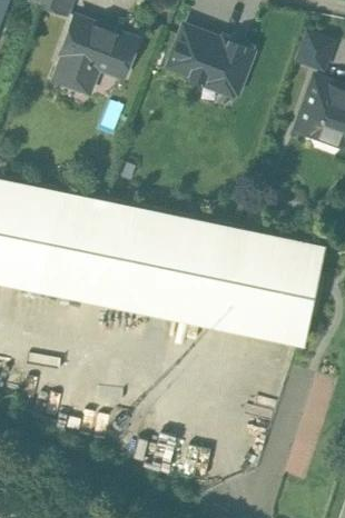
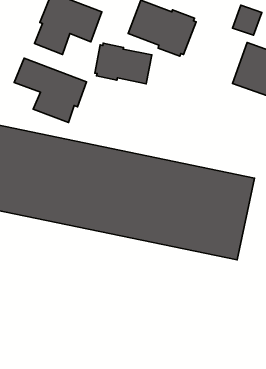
building: none -> [95,43,152,84]
building: none -> [14,58,87,122]

